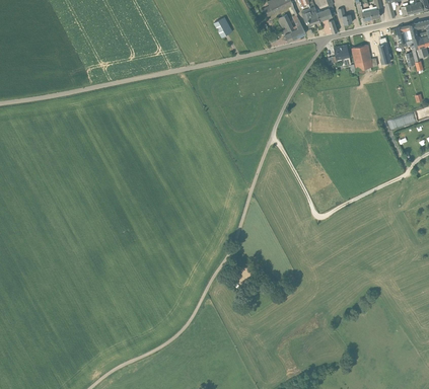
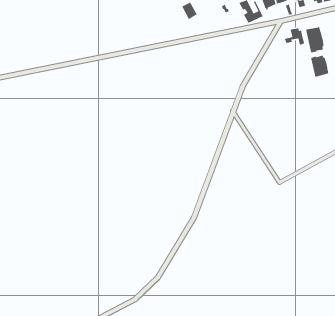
building: none -> [310,54,329,78]

